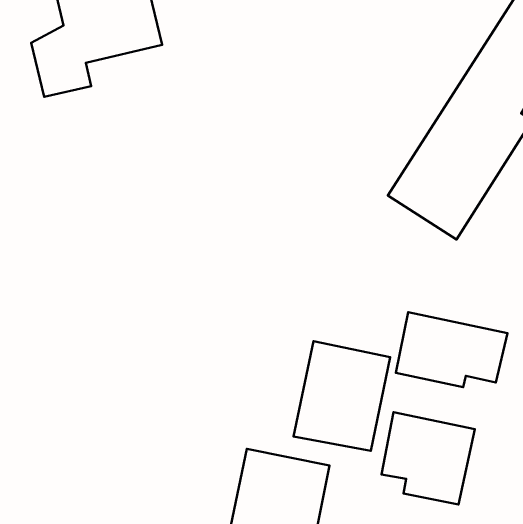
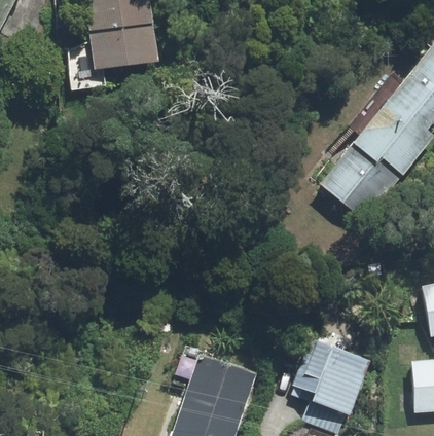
building: [396,312,508,387] -> none
building: [294,341,390,451] -> none

